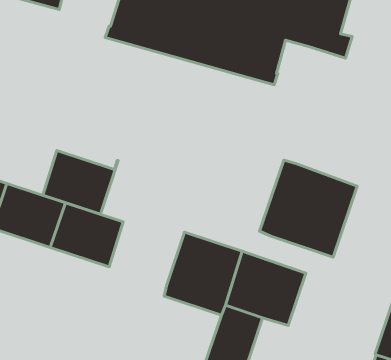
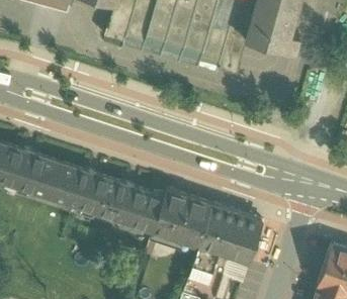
building: [43,150,118,214] -> [107,181,167,231]
building: [259,160,357,257] -> none

